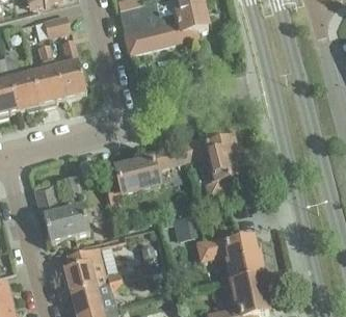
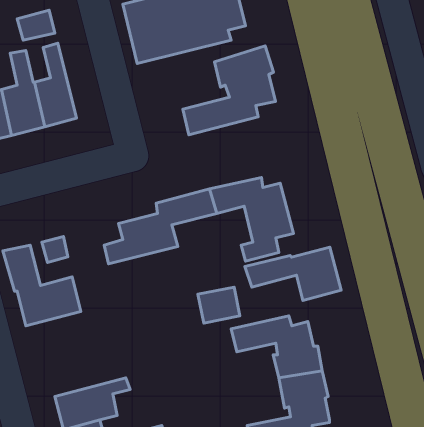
building: none -> [183,46,275,135]
building: none -> [245,247,341,300]
building: [63,246,121,293] -> none

